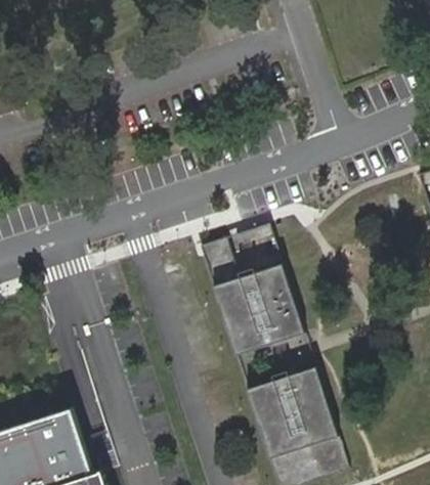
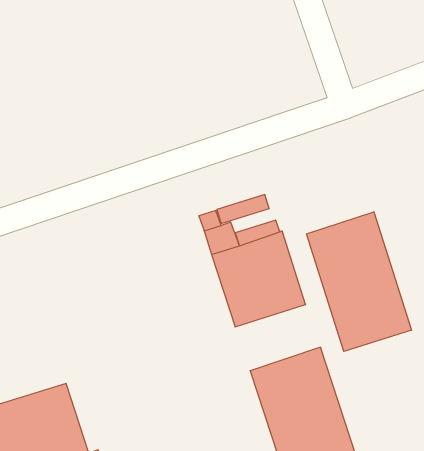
building: none -> [307,212,412,351]

